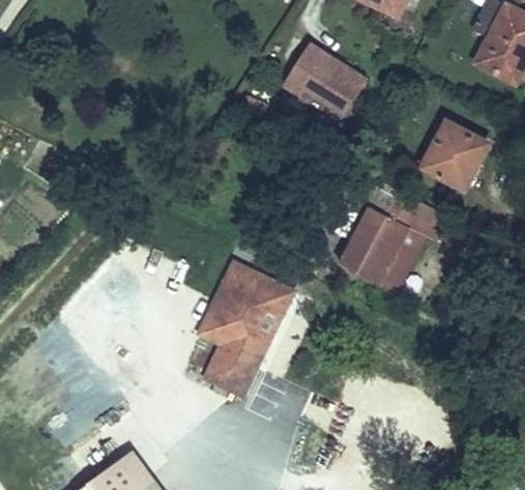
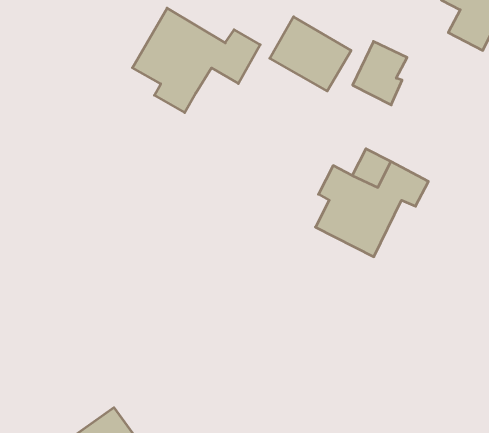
building: none -> [132,8,260,113]
building: [428,121,485,188] -> [353,41,407,105]
building: [196,257,288,386] -> none

